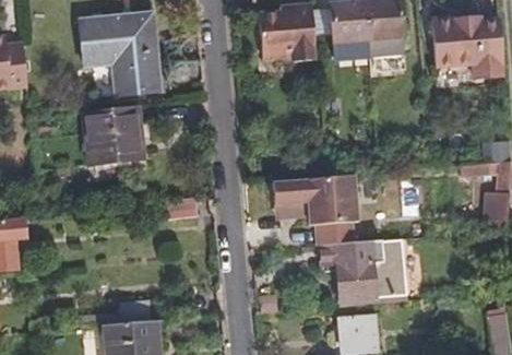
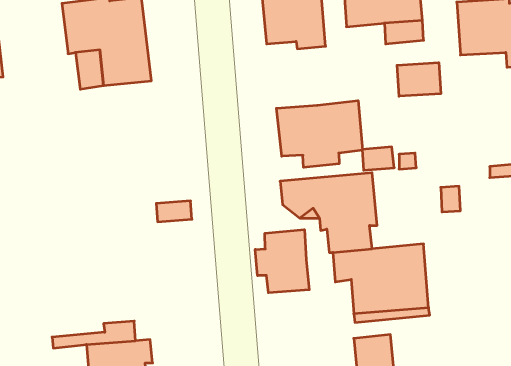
building: none -> [397,63,441,96]
building: [82,108,143,167] -> none
building: none -> [276,101,362,167]
building: none -> [255,230,309,293]

